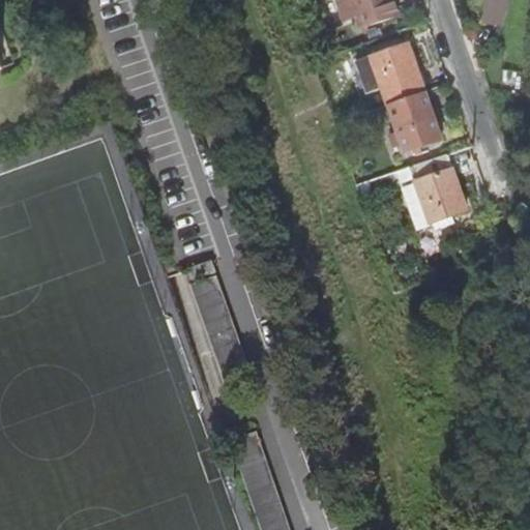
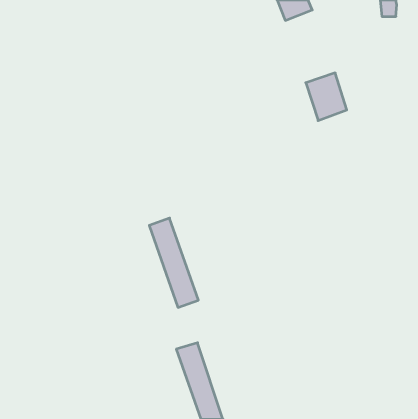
building: [372,45,424,105] -> none
building: [411,156,464,223] -> none

